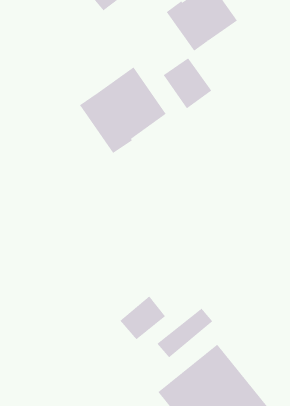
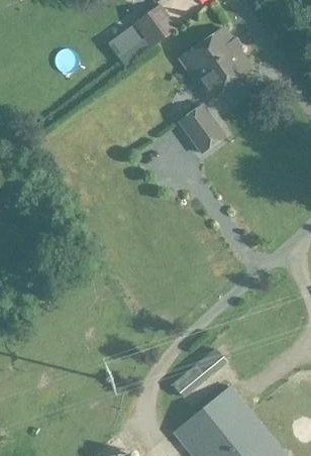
building: [79,67,167,154] -> none
building: [119,296,166,340] -> none

